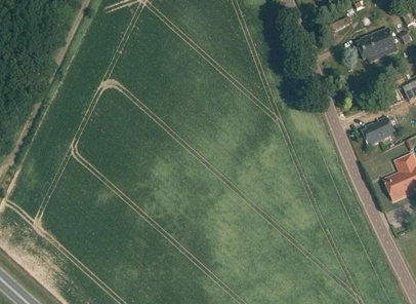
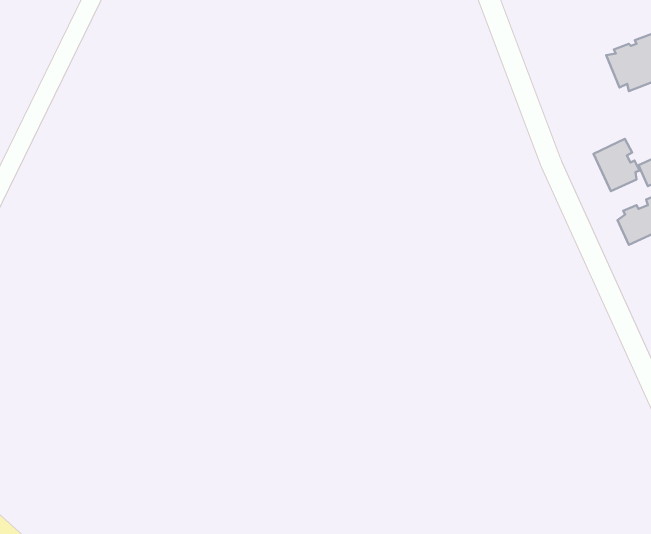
building: none -> [594,139,639,191]

